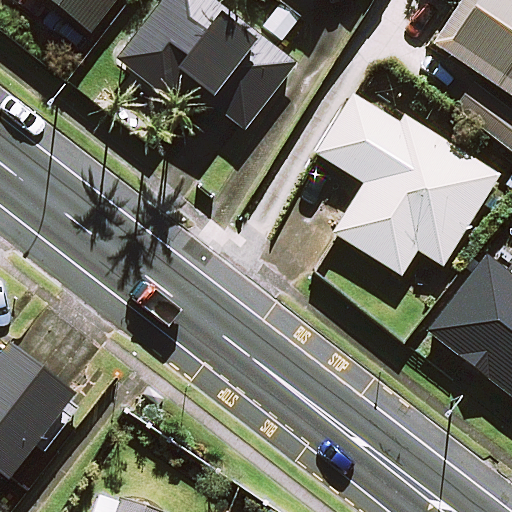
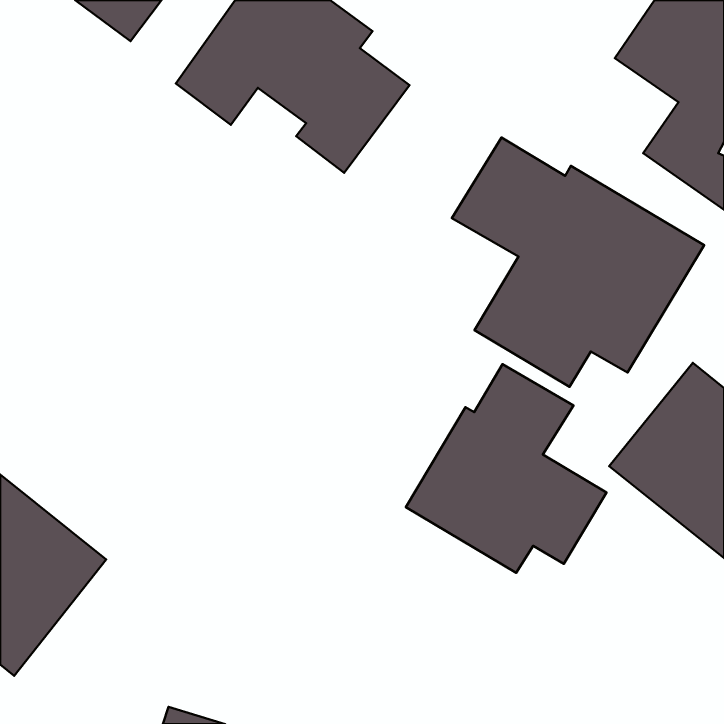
building: none -> [406,364,607,573]

